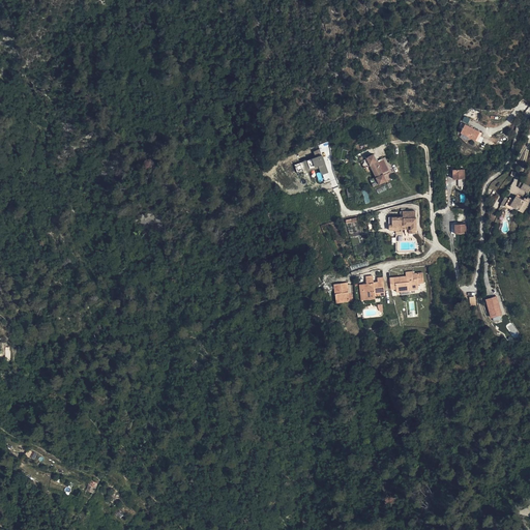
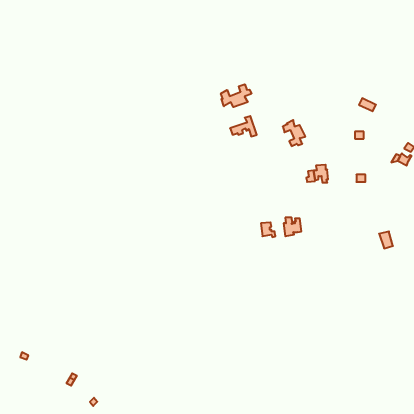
building: none -> [221,84,251,107]
building: [390,270,423,291] -> none

